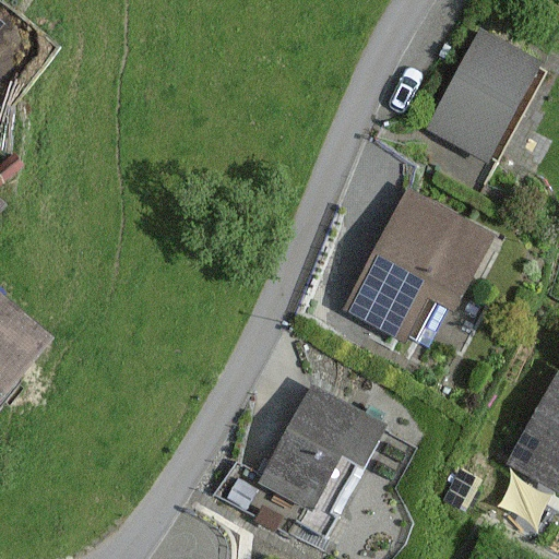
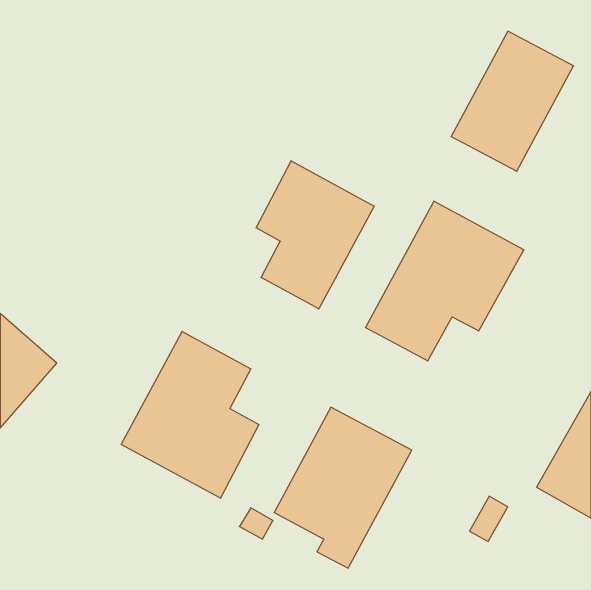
building: none -> [256,161,374,309]
building: none -> [121,331,259,498]

